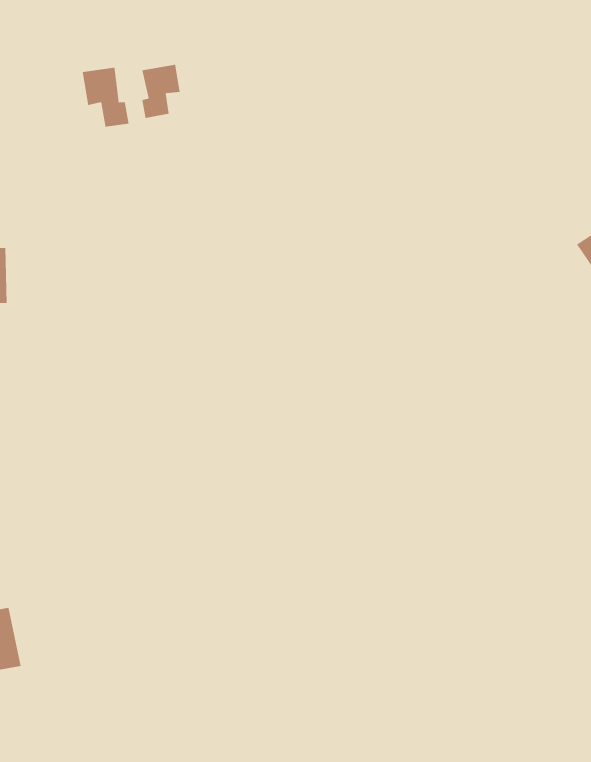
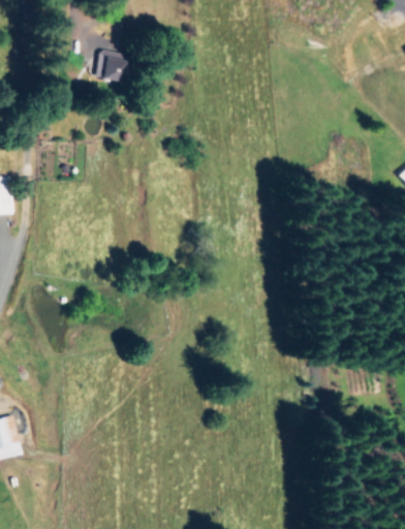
building: [82,67,129,128] -> none

